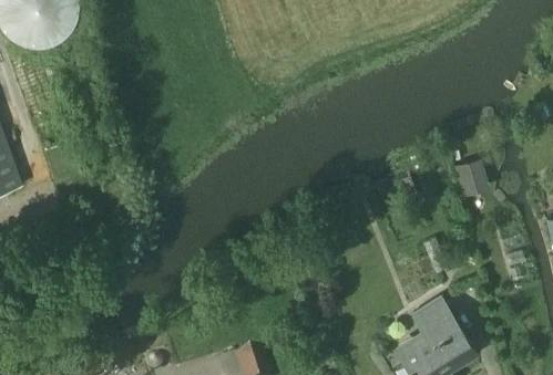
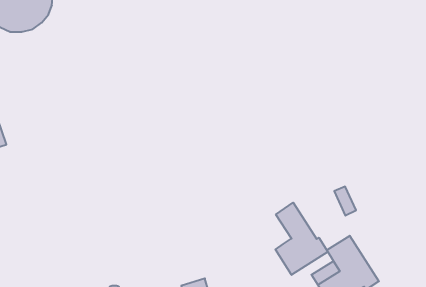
building: [454,157,485,186] -> none
building: none -> [275,203,328,275]

